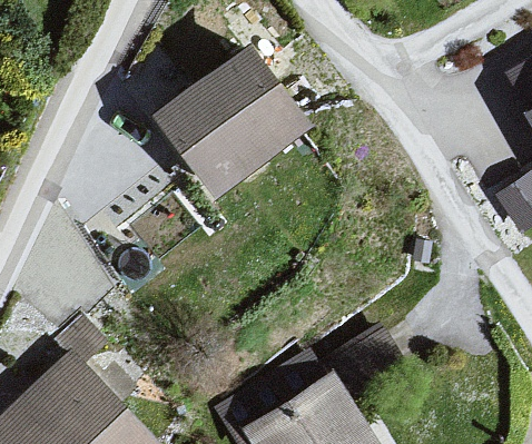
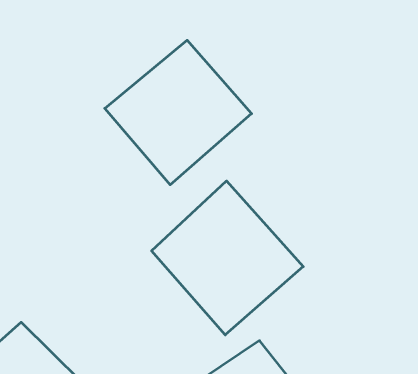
building: none -> [152,181,303,335]

